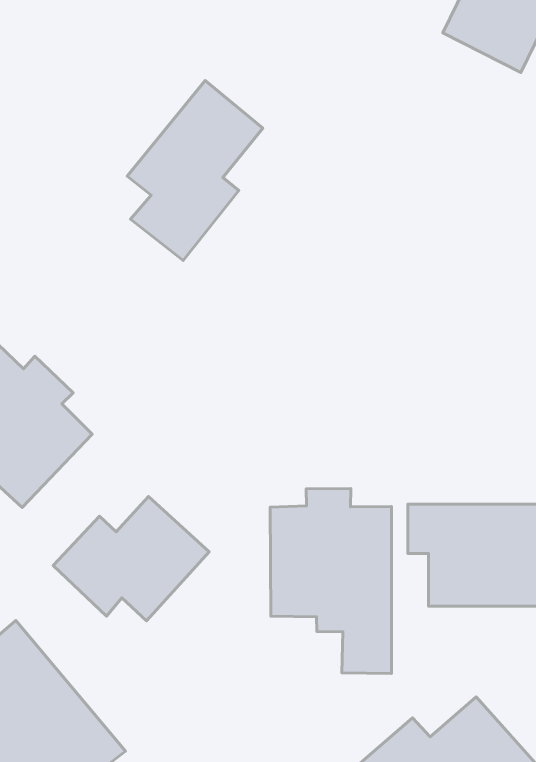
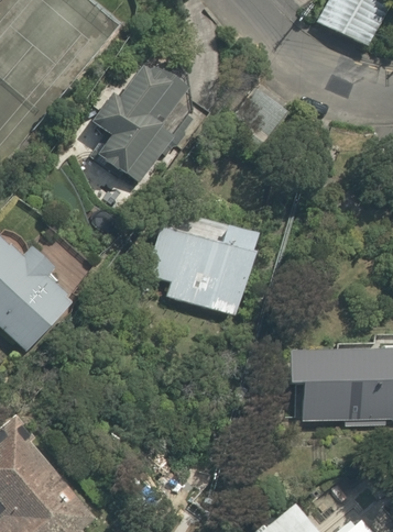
building: none -> [144,215,263,317]
building: [270,489,391,673] -> none
building: [53,496,209,621] -> none

